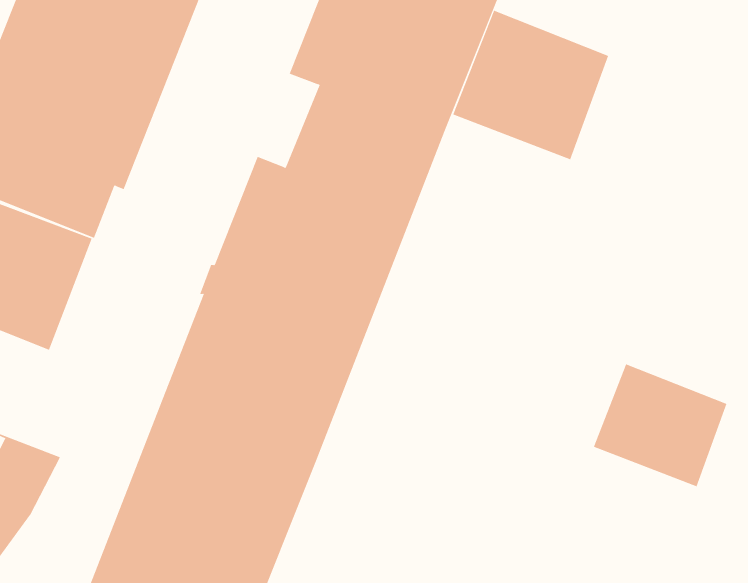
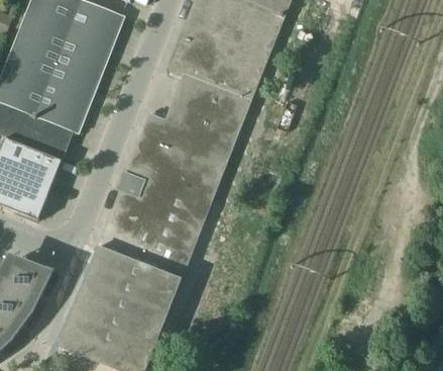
building: [453,10,609,160] -> none
building: [593,363,727,487] -> none

